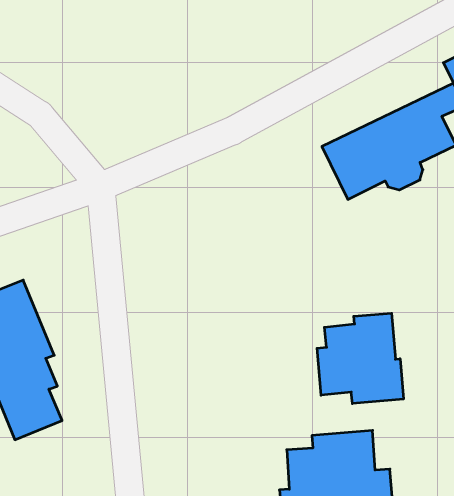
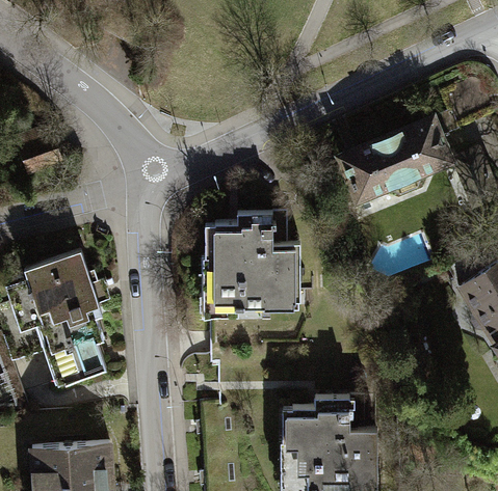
building: none -> [205,215,298,304]
building: [317,313,403,404] -> none

